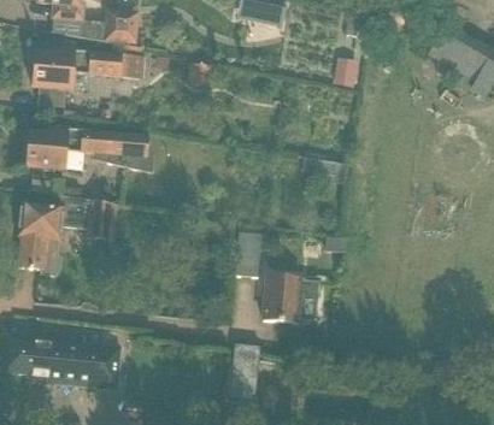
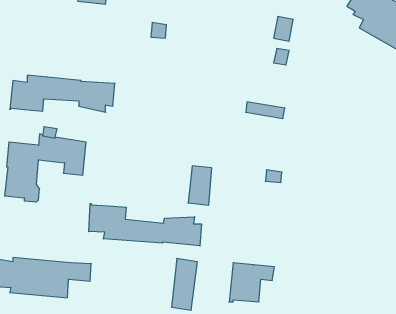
building: [33,48,145,88] -> none
building: none -> [89,204,201,246]
building: [263,277,316,323] -> [229,263,274,302]

